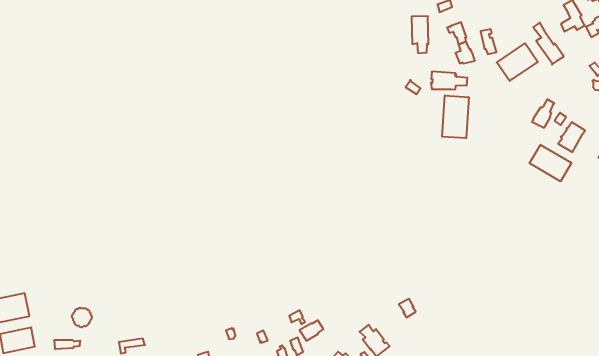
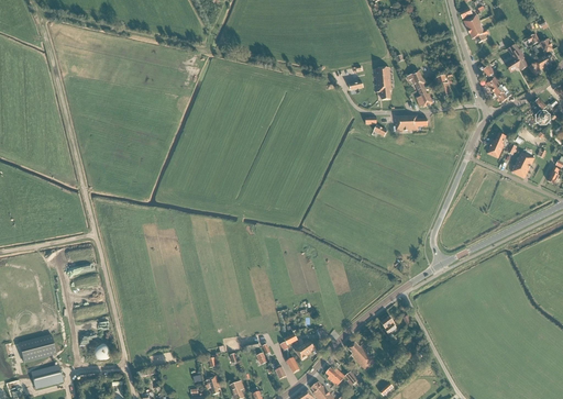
building: [497,43,538,81] -> none
building: [442,95,469,138] -> none
building: [530,145,571,181] -> none

